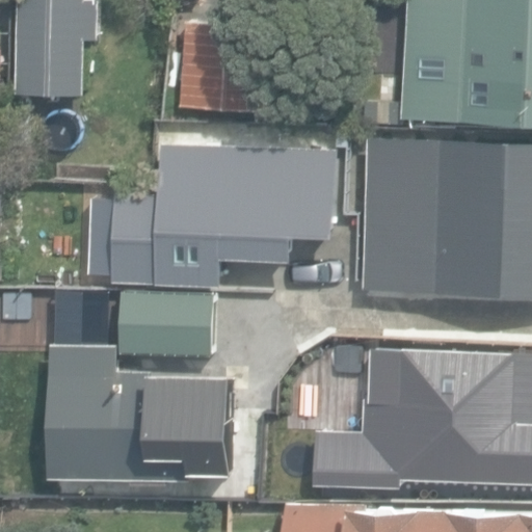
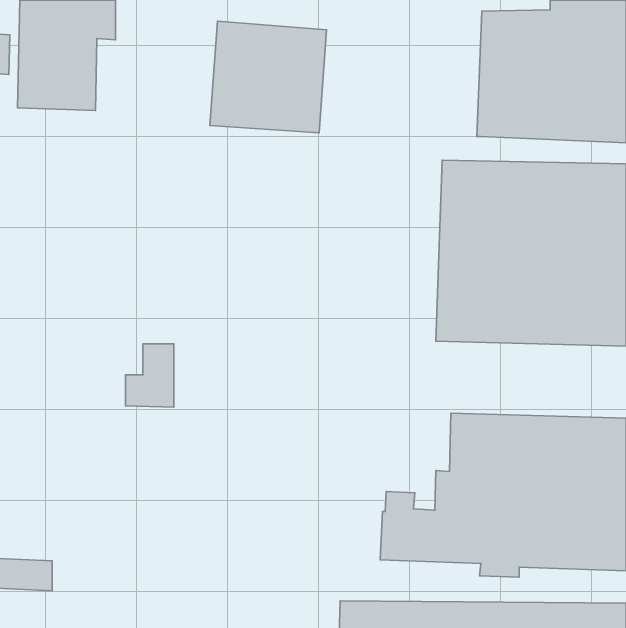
building: [140,143,281,295] -> none
building: [48,349,234,488] -> none

